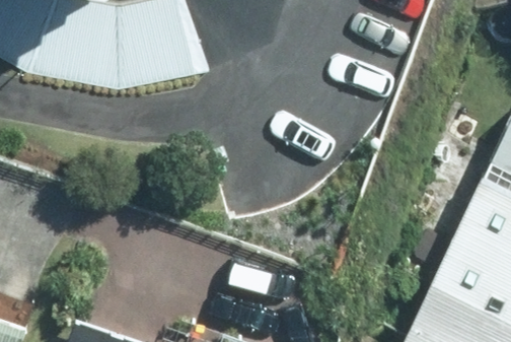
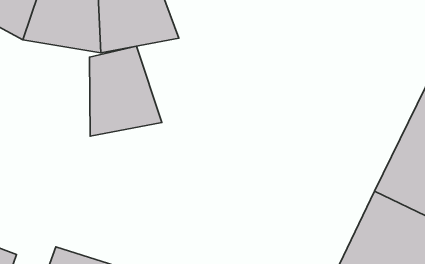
building: none -> [90,46,162,136]

